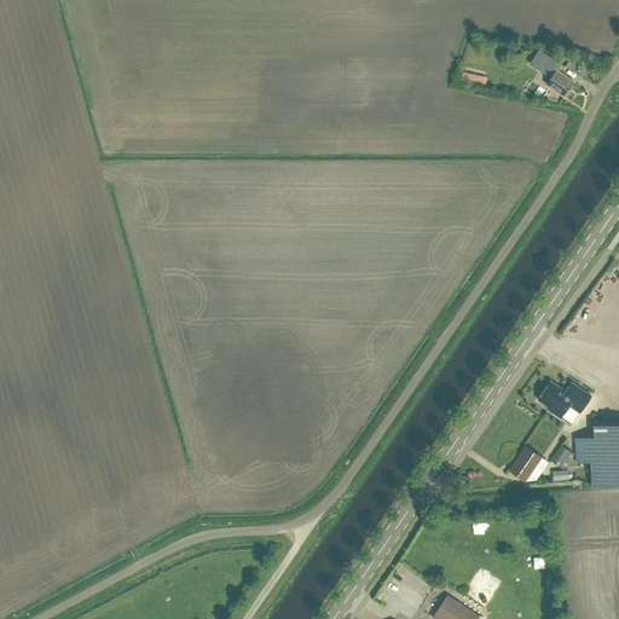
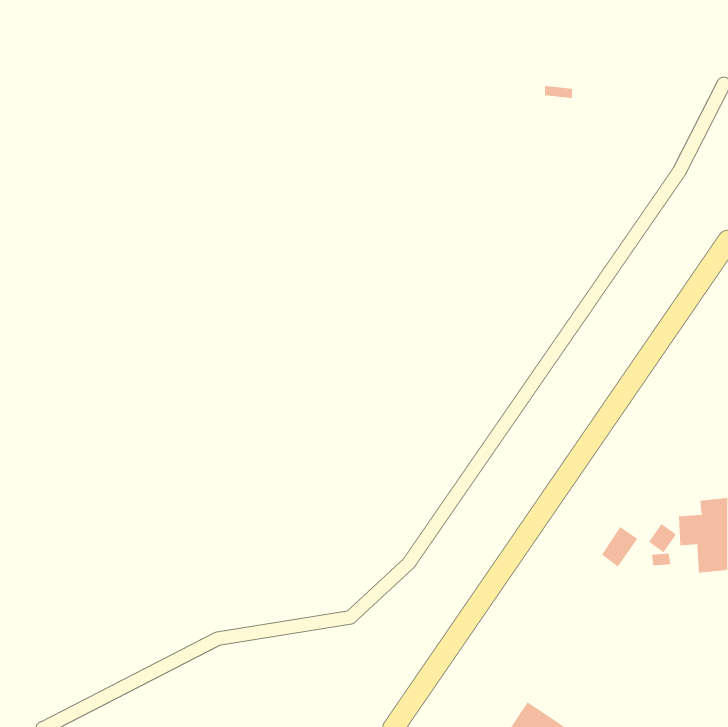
building: [530,51,574,98] -> none
building: [540,381,594,417] -> none

